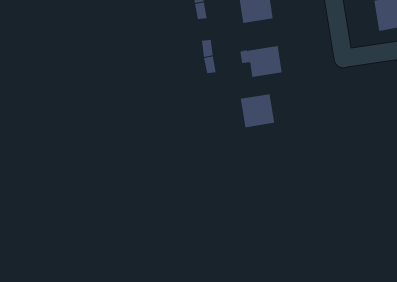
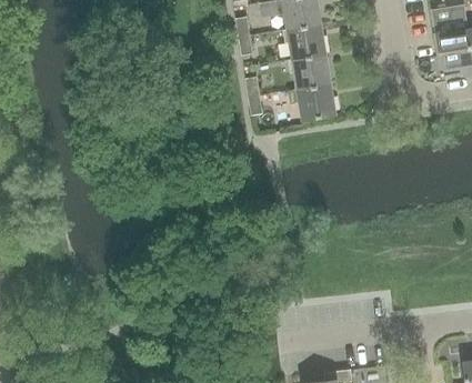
building: none -> [291,53,331,89]
building: [240,93,275,128] -> none

